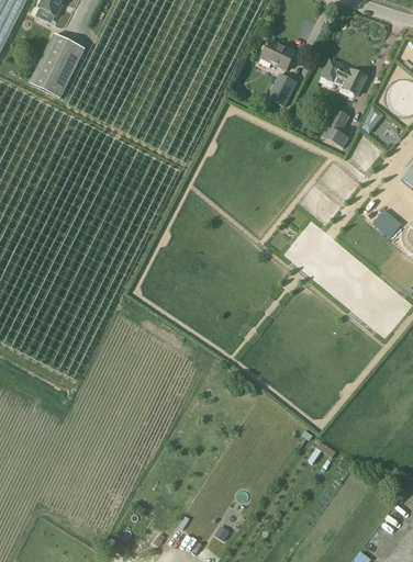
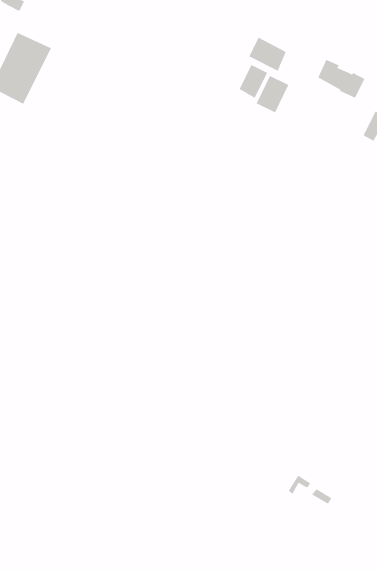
building: none -> [239,64,268,99]
building: [321,109,349,148] -> none

